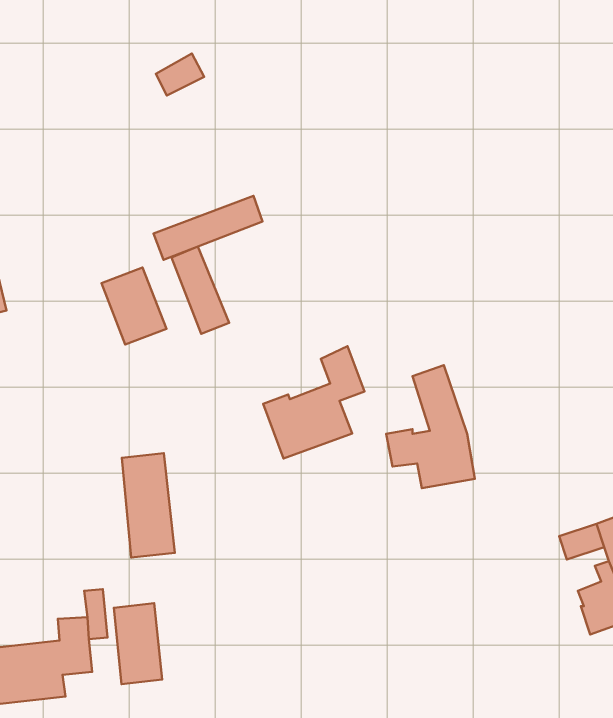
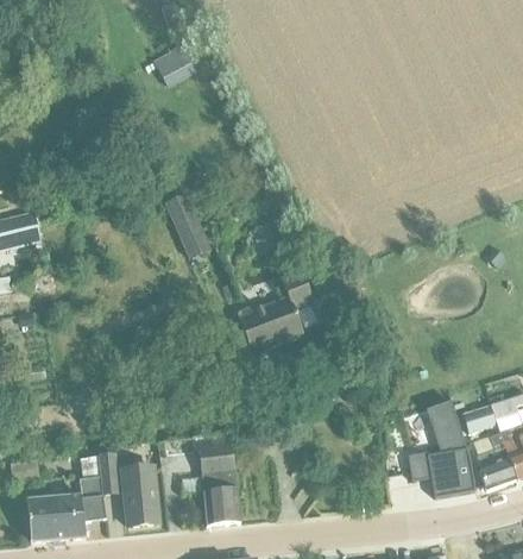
building: [153,196,263,260] -> none
building: [101,267,166,344] -> none
building: [386,365,475,488] -> [408,403,475,497]
building: [122,453,175,557] -> [200,445,240,525]

